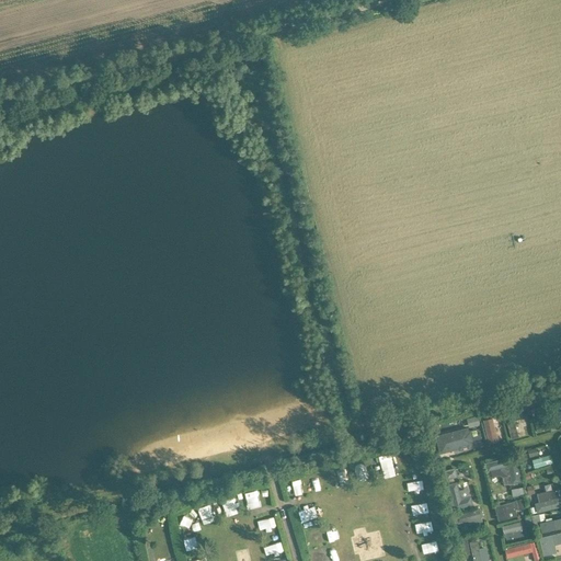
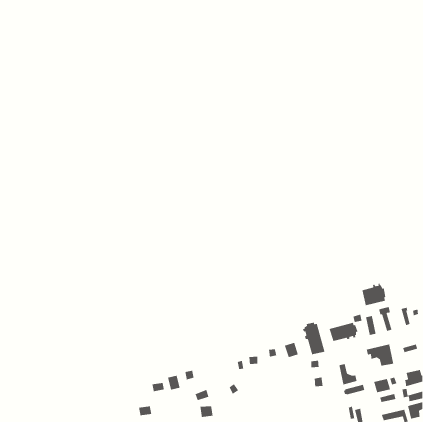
building: none -> [361,282,387,306]
building: none -> [302,321,325,355]

